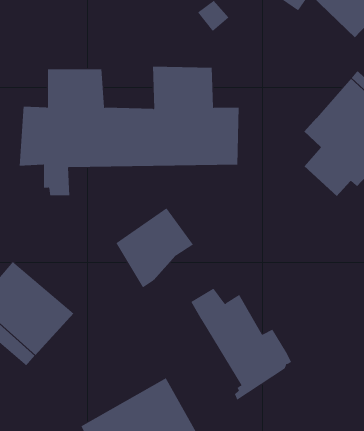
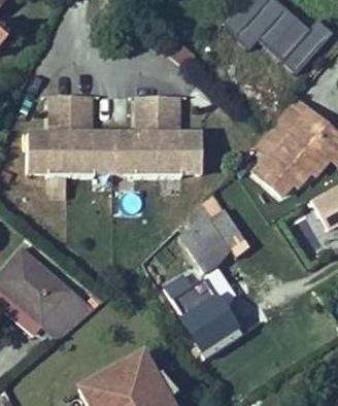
building: [116,207,194,288] -> [183,208,246,273]
building: none -> [40,294,92,341]

